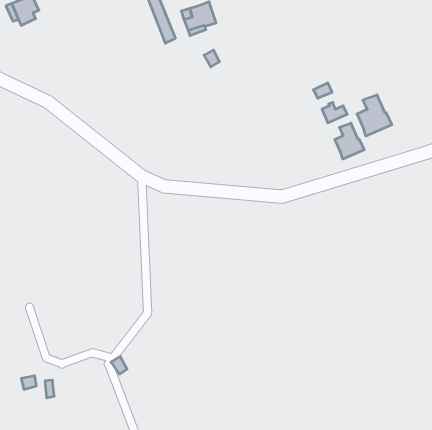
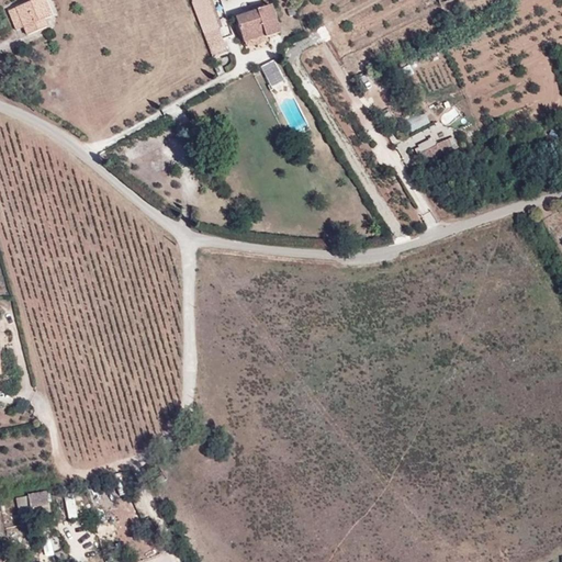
building: [357,95,392,136] -> none
building: [335,123,364,159] -> none

